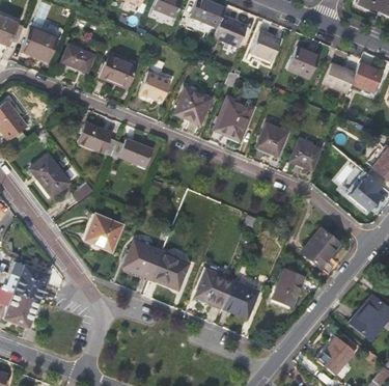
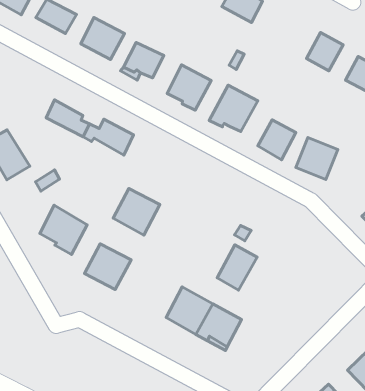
building: [250,31,280,61] -> none
building: [303,230,341,269] -> none
building: [151,253,189,291] -> [113,188,160,235]
building: [274,270,305,307] -> [217,245,257,290]

